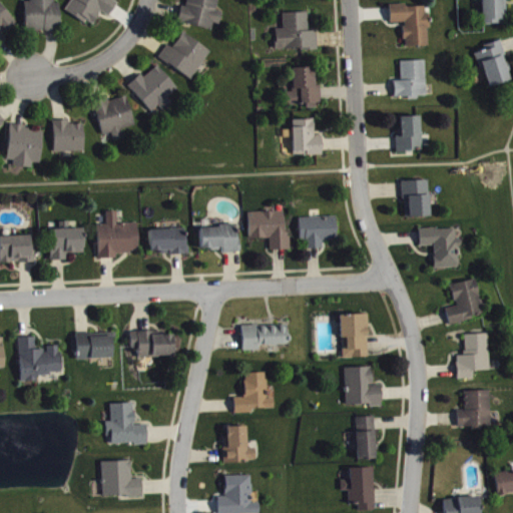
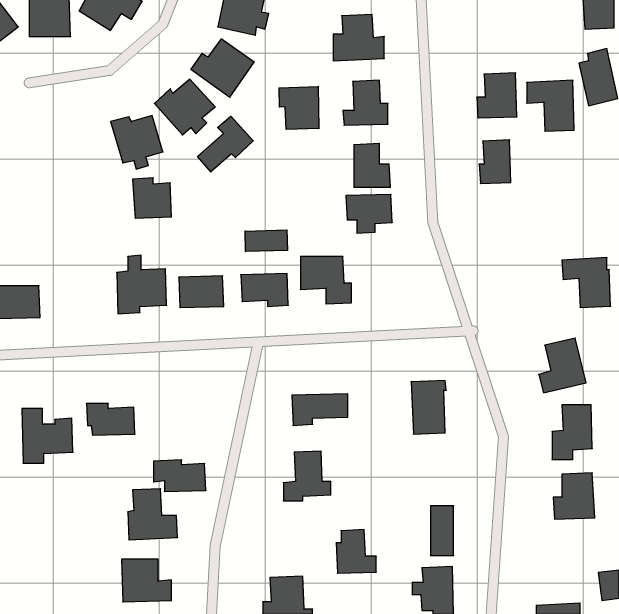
building: [389,4,428,46] -> [527,80,574,131]
building: none -> [279,86,319,129]
building: none -> [198,116,253,172]
building: [51,119,83,152] -> [133,178,171,218]
building: [5,125,43,167] -> none
building: [402,180,429,217] -> none
building: none -> [245,230,287,252]
building: [298,216,336,248] -> [346,194,392,233]
building: [418,227,458,269] -> [562,258,611,307]
building: [48,228,83,261] -> none
building: [129,331,172,357] -> [154,460,206,492]
building: [345,367,381,406] -> none
building: [221,426,254,462] -> [336,530,376,573]

